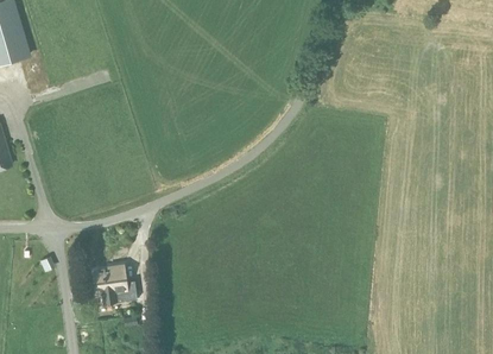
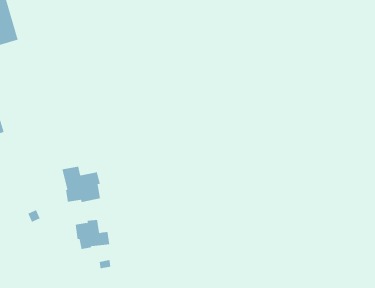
building: none -> [62,166,101,203]

